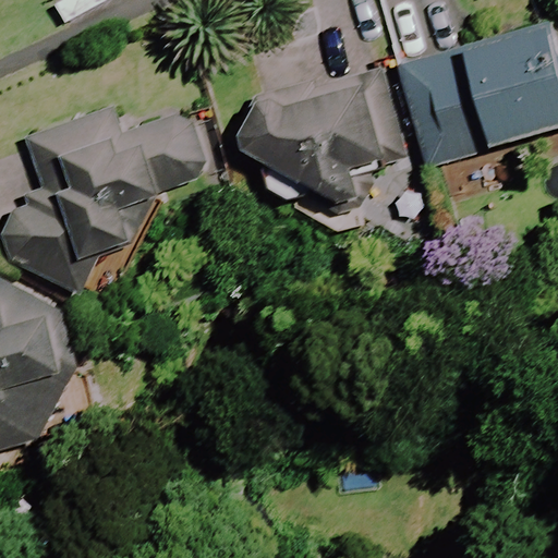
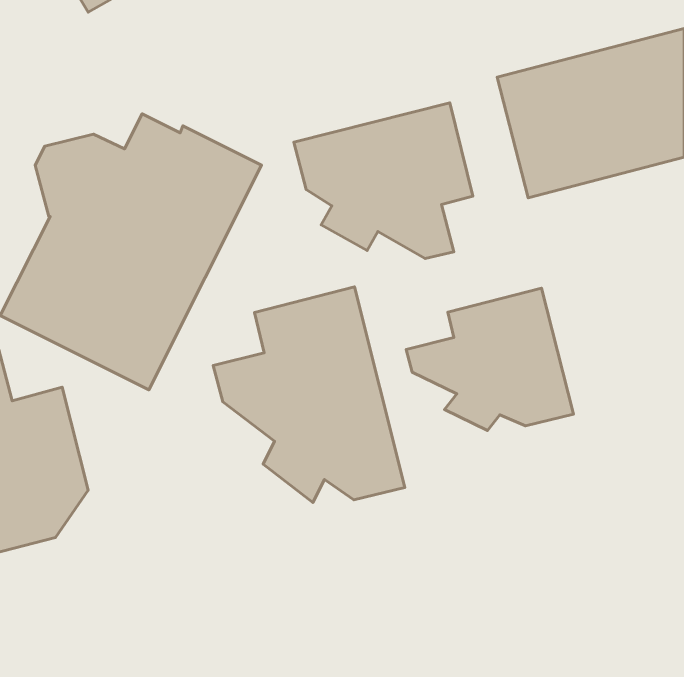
building: none -> [213,287,405,503]
building: none -> [406,288,573,431]

